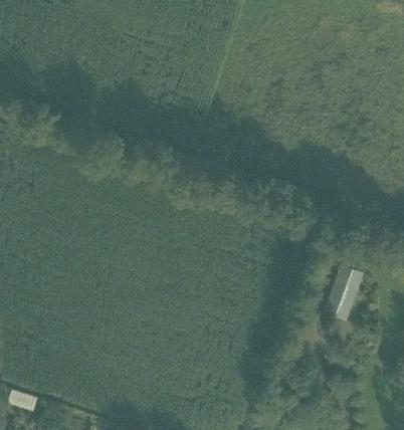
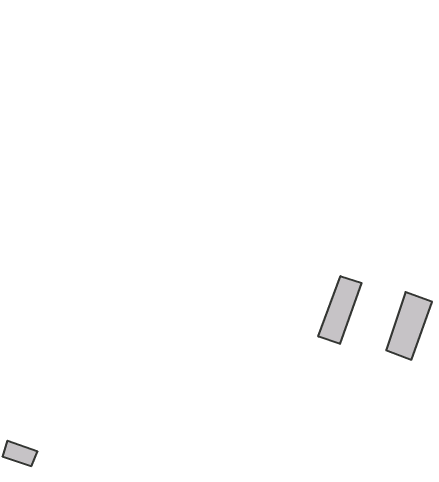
building: none -> [318,276,362,344]

